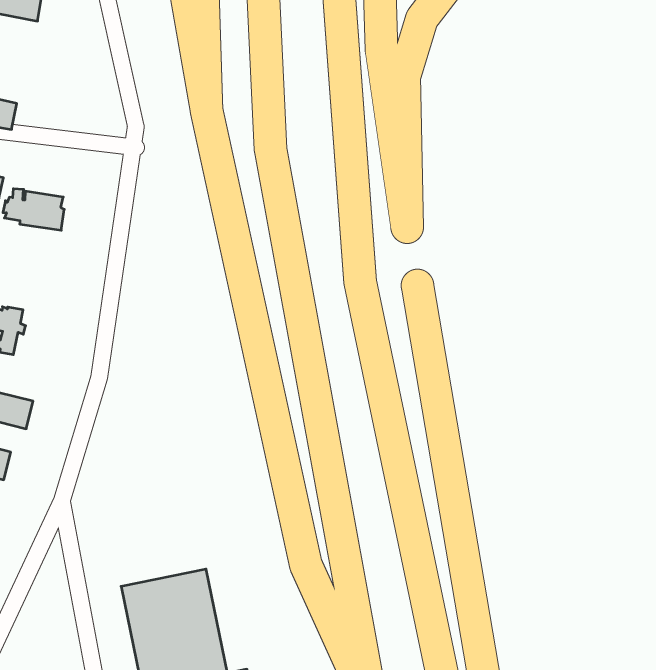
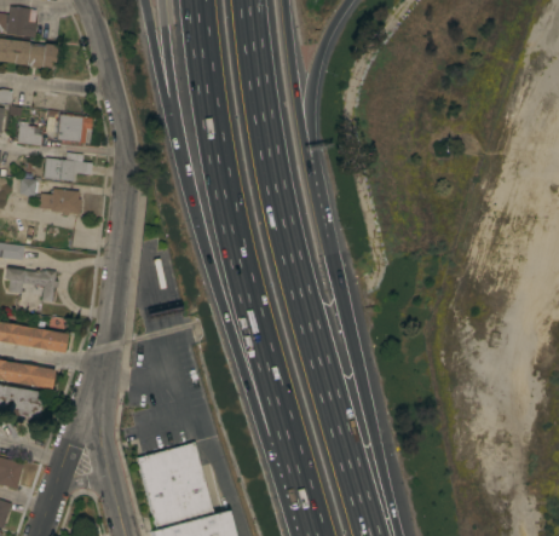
building: none -> [57,114,91,144]
building: none -> [42,152,92,181]

